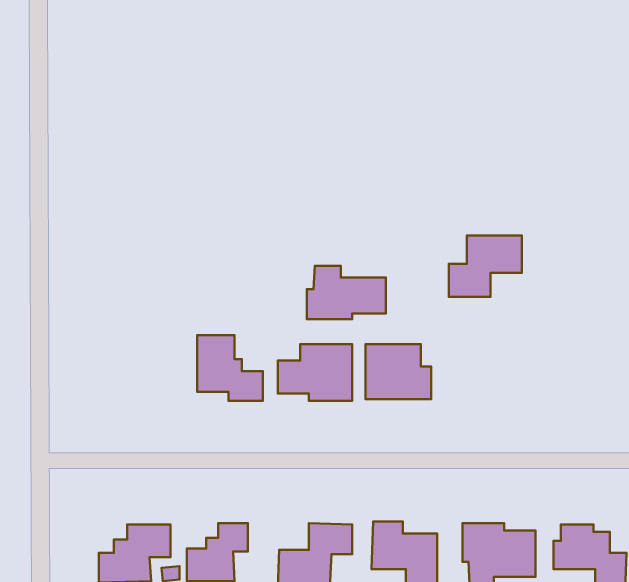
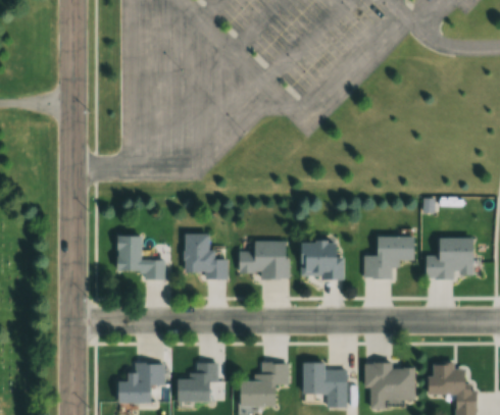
building: [449,236,522,297] -> [364,236,414,277]
building: [307,266,386,319] -> none
building: none -> [115,235,165,278]
building: none -> [426,237,473,277]

